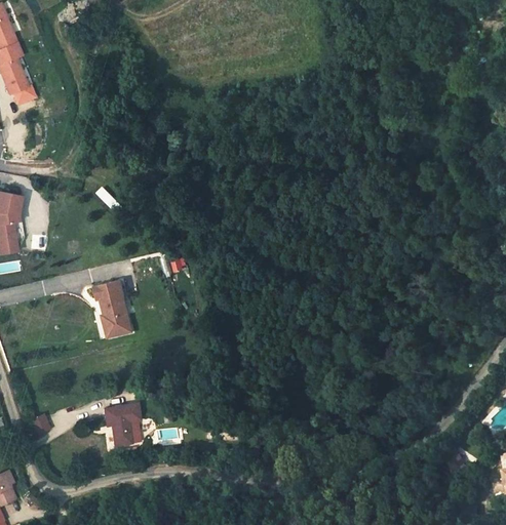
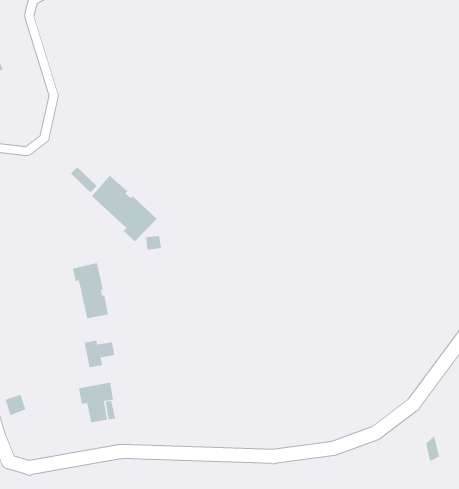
building: none -> [91,175,157,242]
building: none -> [84,340,115,368]

